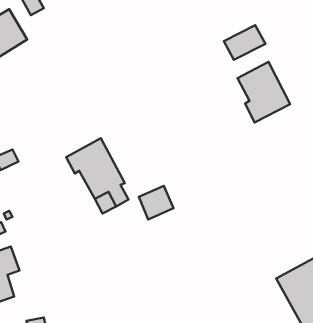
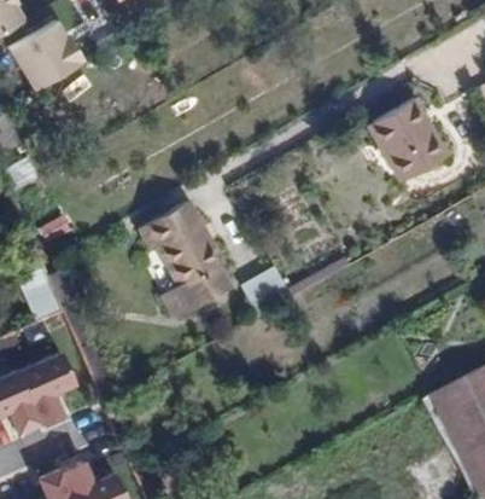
building: [224,25,265,60] -> none

